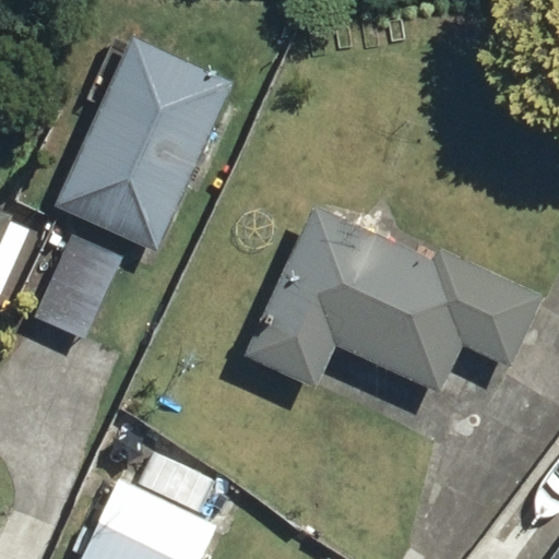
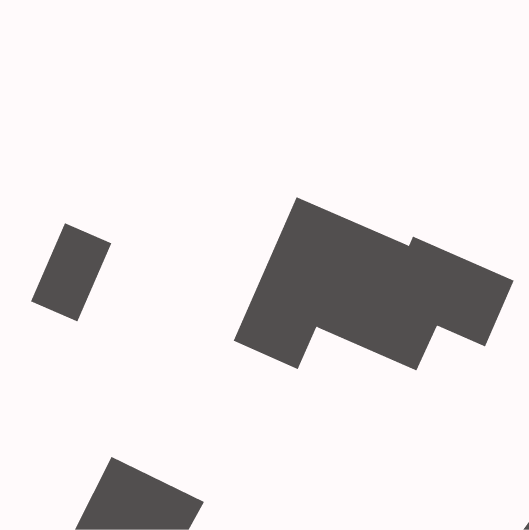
building: [56,37,233,250] -> none

